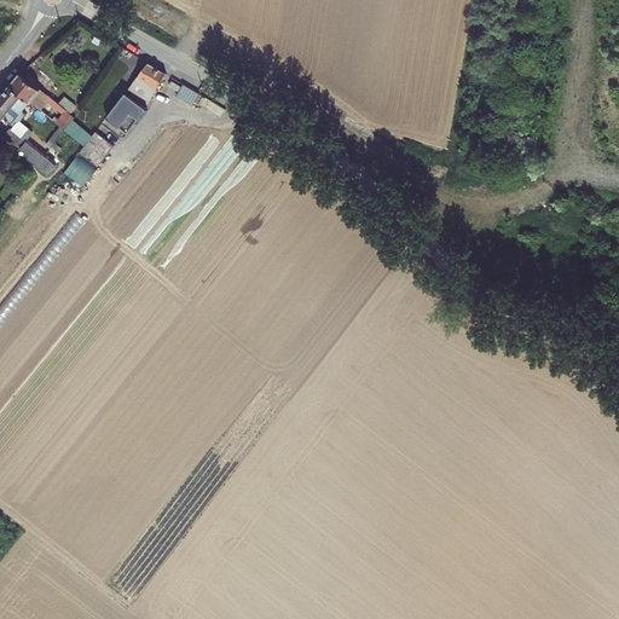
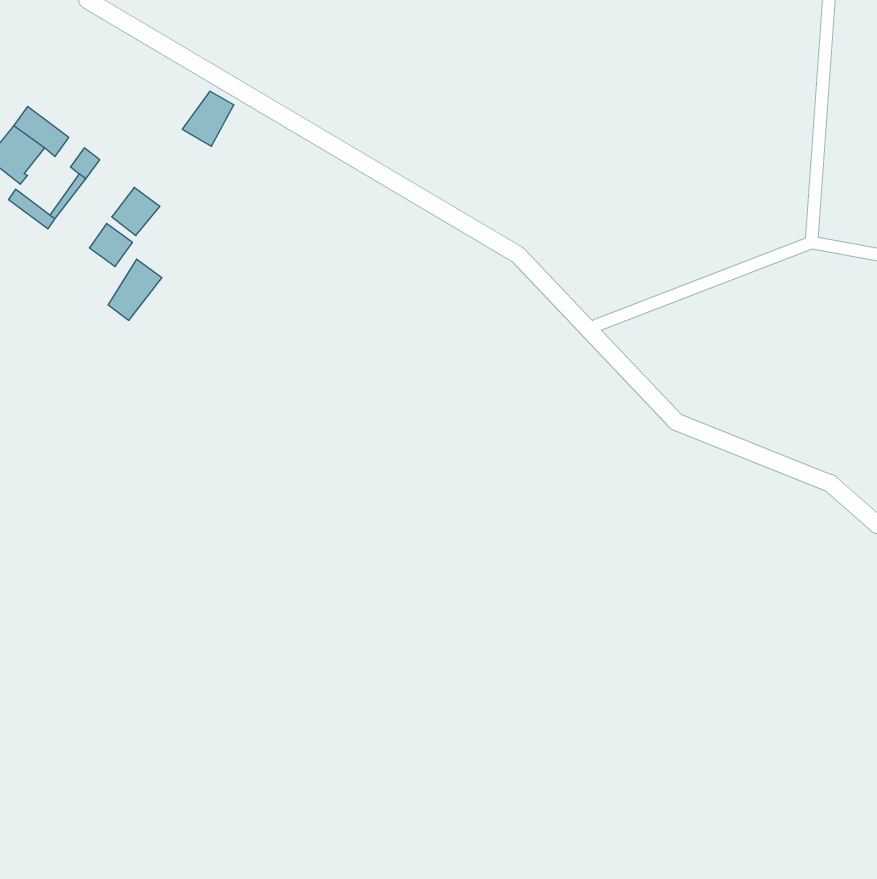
building: [106,93,146,128] -> none
building: none -> [108,259,162,320]

